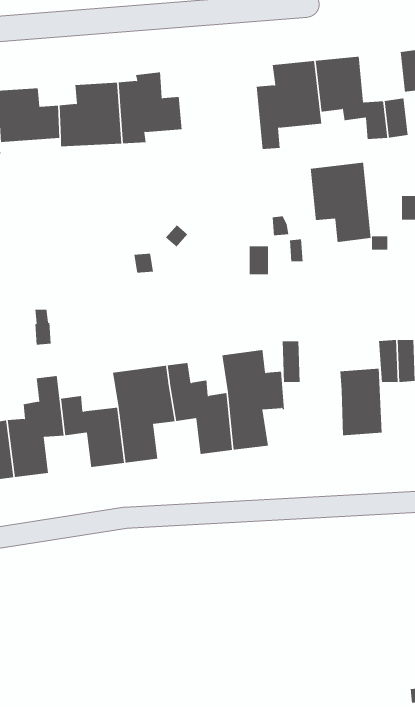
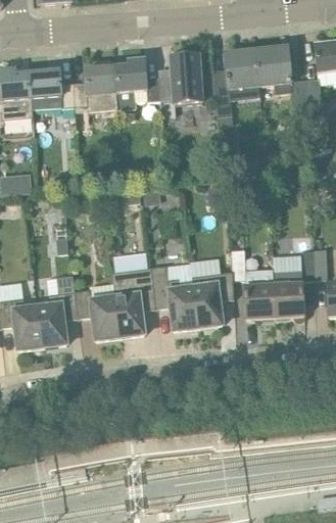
building: none -> [159,54,202,113]
building: [310,162,371,243] -> none
building: none -> [245,283,275,317]

